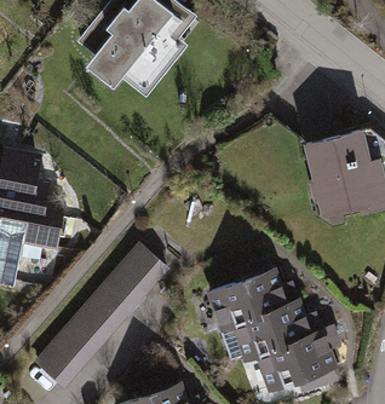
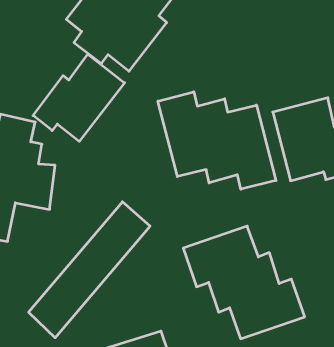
building: none -> [33,54,125,141]
building: none -> [158,92,276,189]

